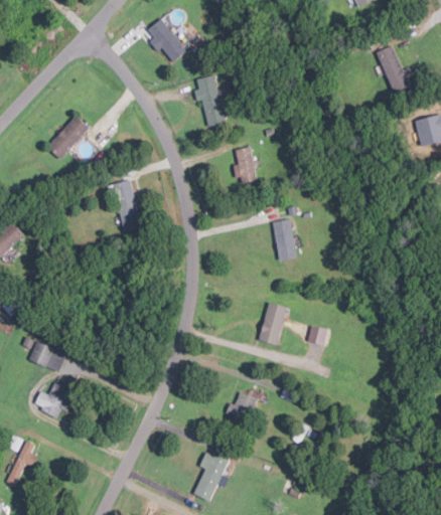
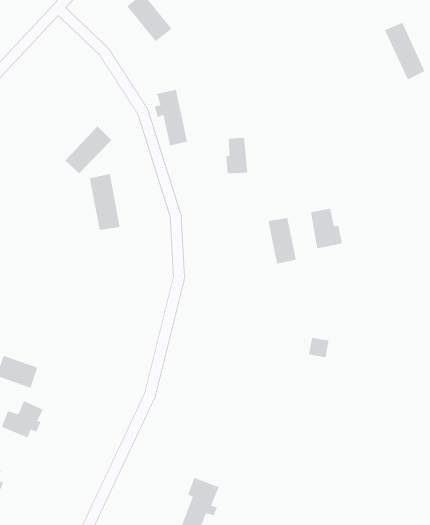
building: [194,74,225,126] -> [154,89,188,146]
building: [47,115,90,158] -> [65,126,112,174]
building: none -> [310,208,343,249]
building: [260,302,287,344] -> none
building: [226,391,255,425] -> none

